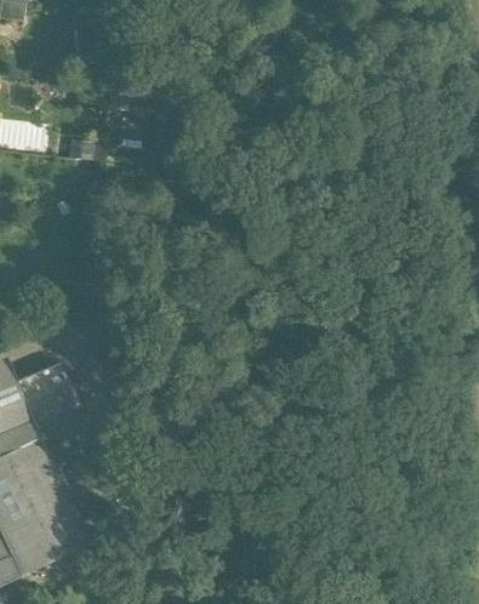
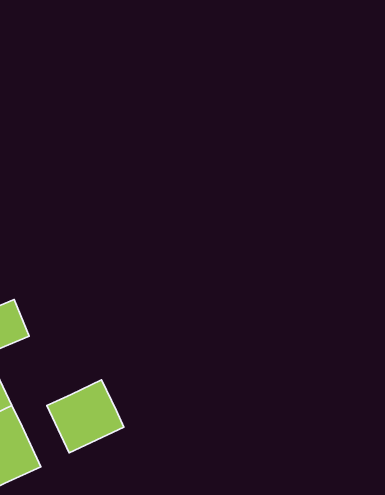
building: none -> [47,380,124,453]

